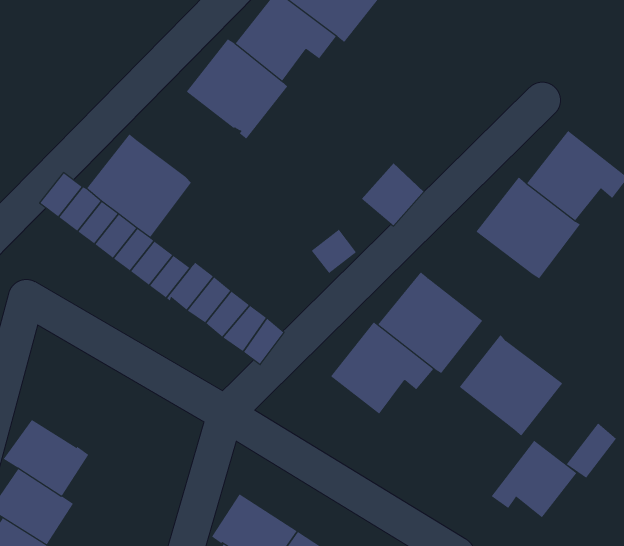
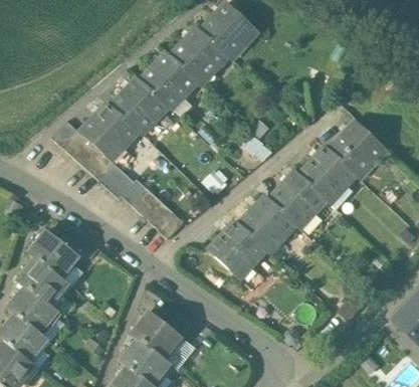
building: none -> [110,77,169,129]
building: [459,334,563,436] -> [268,170,328,229]
building: none -> [29,230,77,277]
building: [491,440,577,518] -> none

